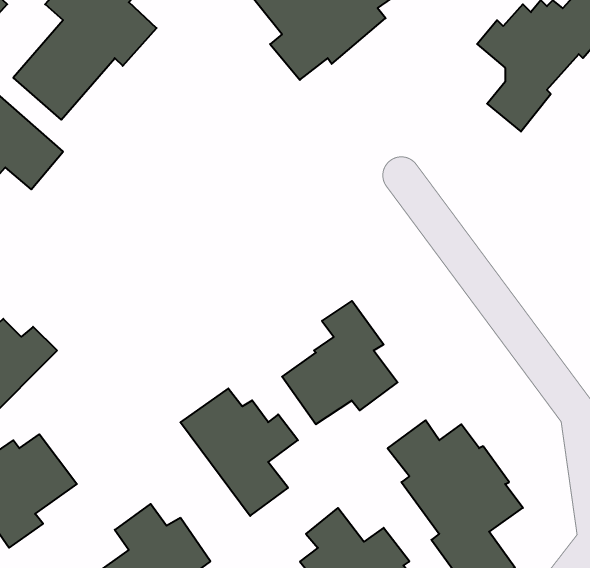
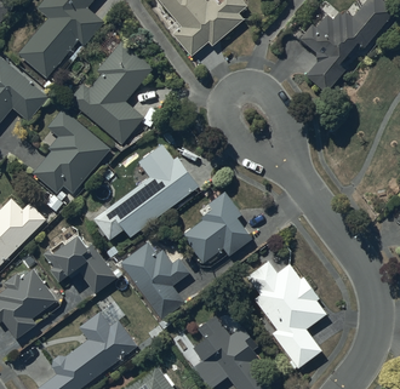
building: none -> [68,44,154,148]
building: none -> [33,113,109,195]
building: none -> [93,147,200,244]
building: none -> [42,240,118,297]

